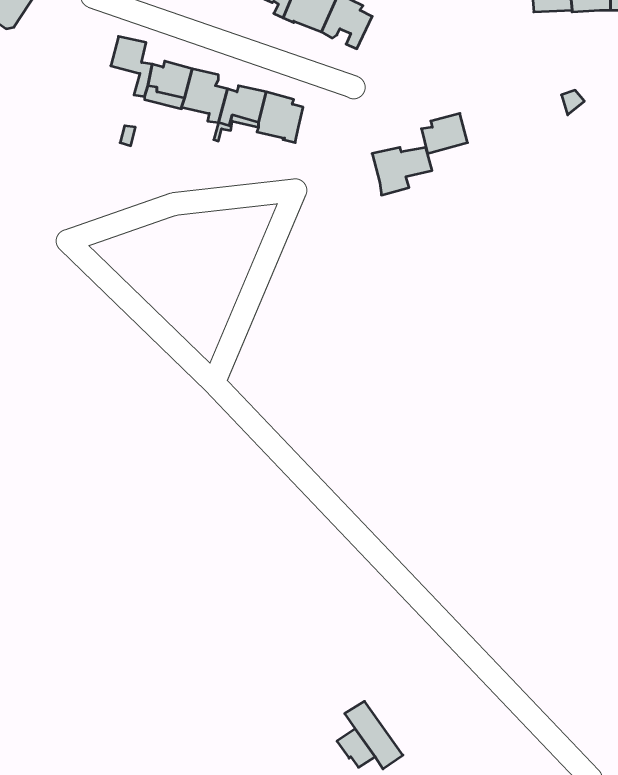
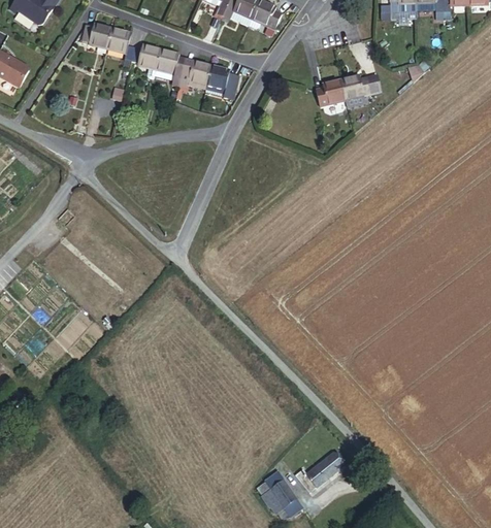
building: none -> [83,23,112,46]
building: [372,147,432,195] -> [341,74,382,106]
building: none -> [296,454,343,492]

